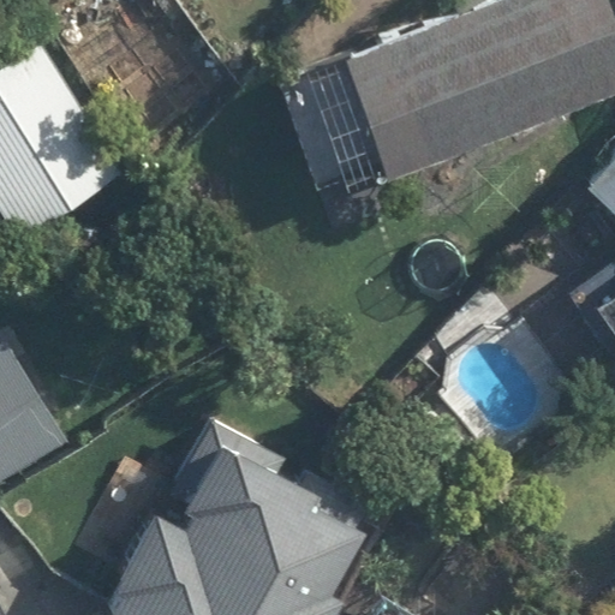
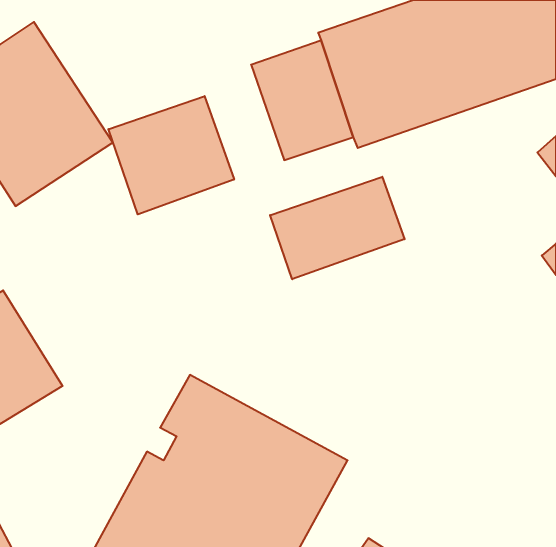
building: none -> [108,96,234,214]
building: none -> [270,177,405,279]

